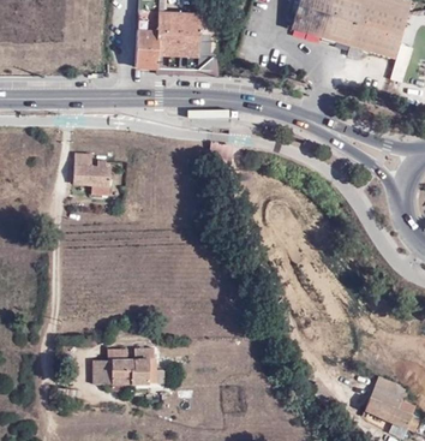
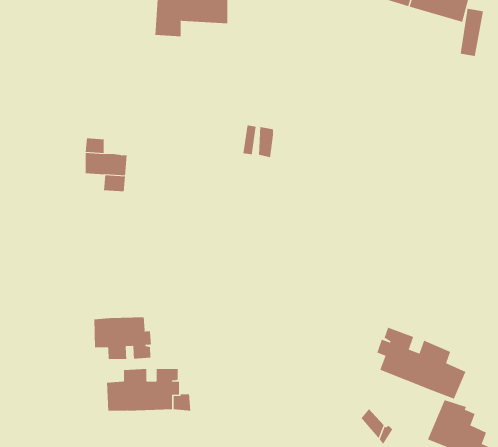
building: none -> [94,317,151,360]
building: none -> [377,327,466,399]

